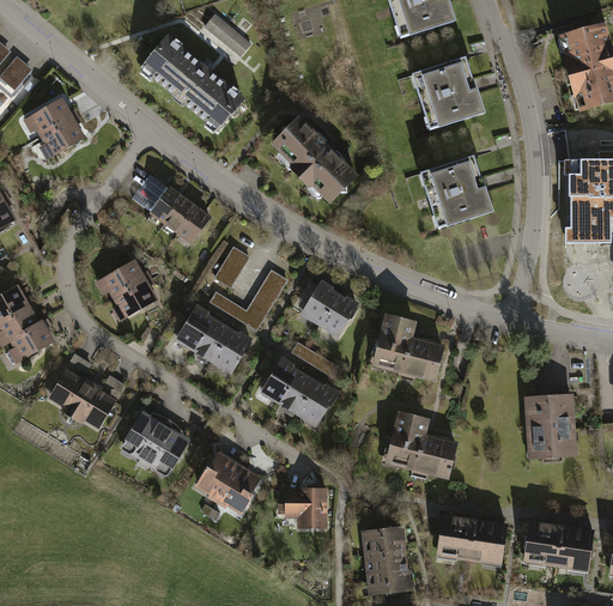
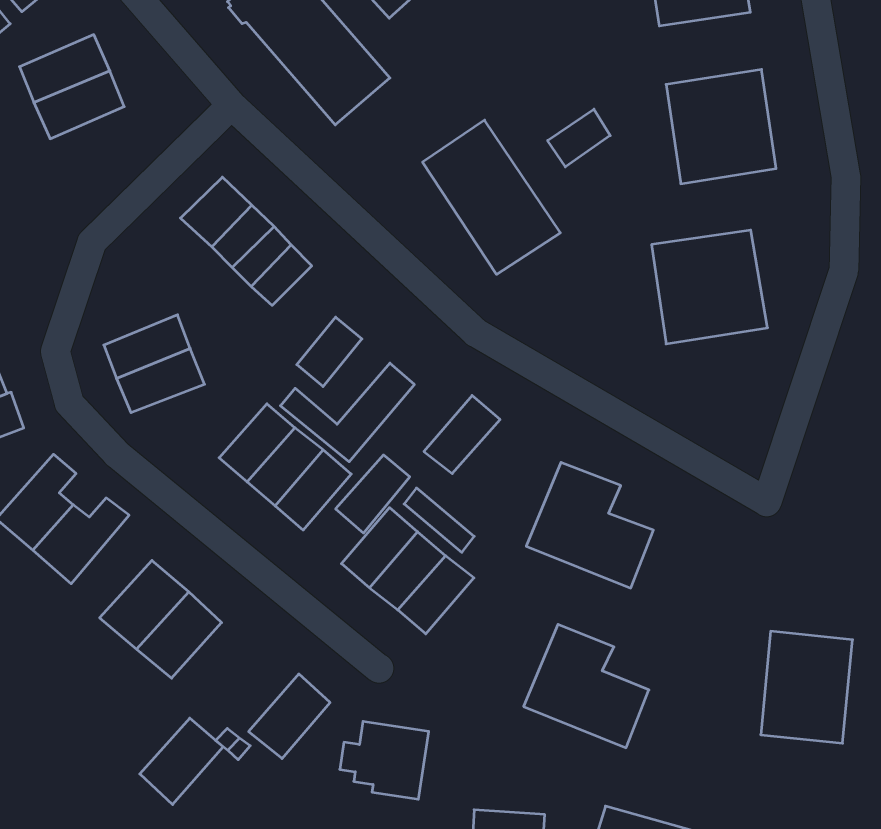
building: none -> [548,109,610,167]
building: [317,292,359,341] -> [336,455,410,533]
building: [195,450,243,504] -> [140,718,223,805]

